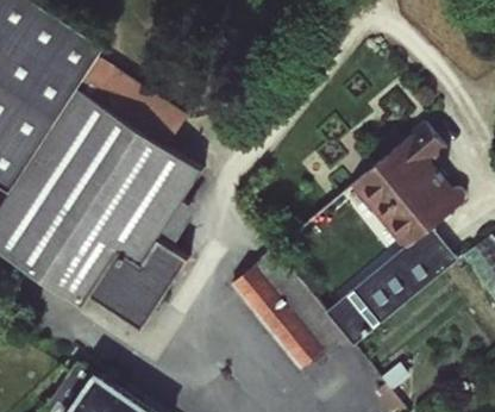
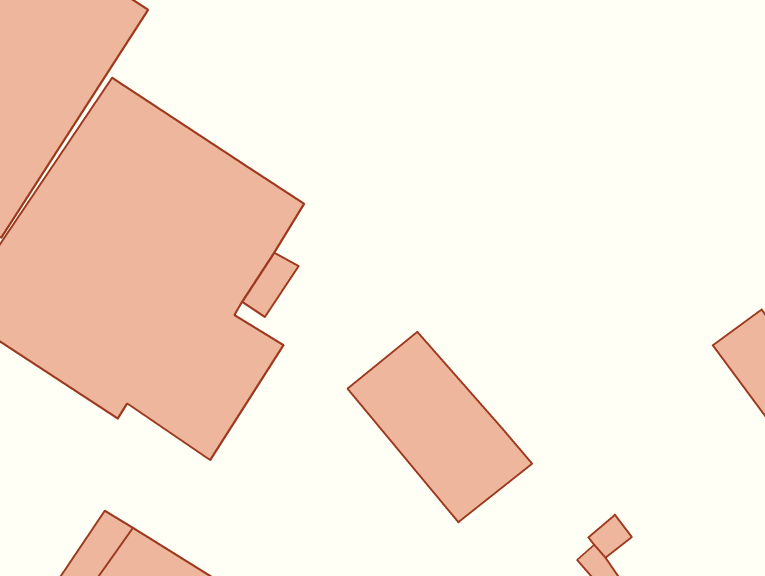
building: [80,58,187,145] -> none
building: [326,121,464,344] -> none

